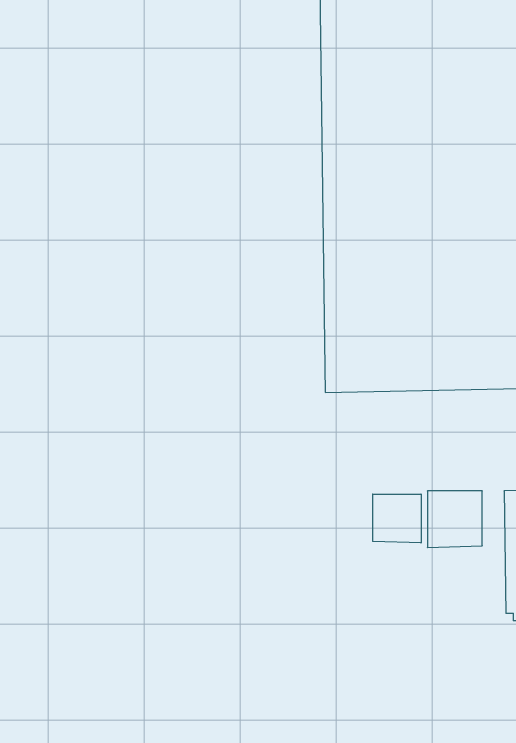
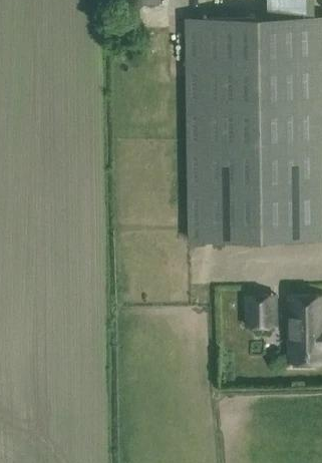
building: [373,494,421,543] -> none

